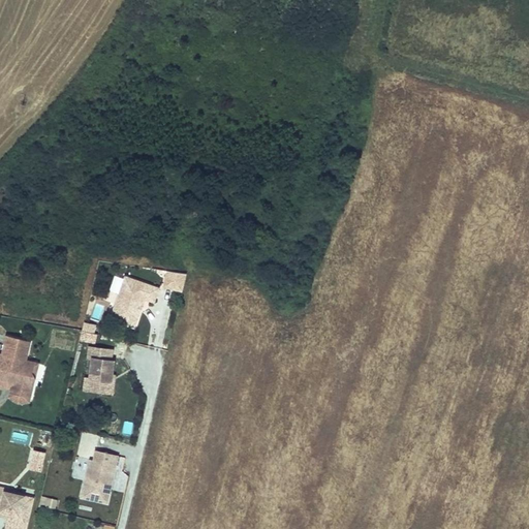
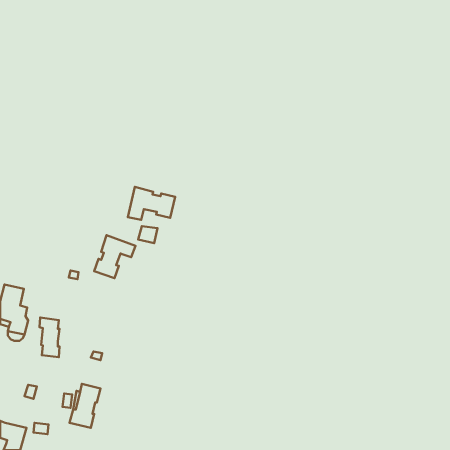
building: none -> [128,187,175,220]
building: [89,346,113,393] -> [39,317,60,357]

